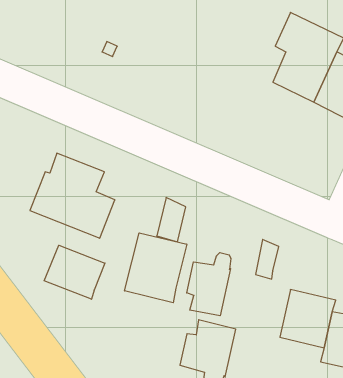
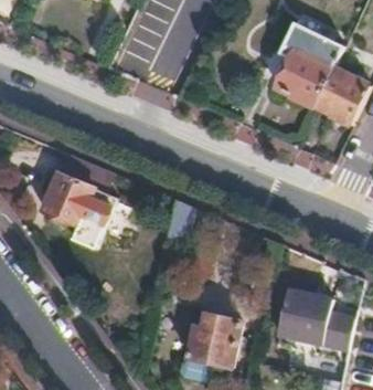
building: [125,233,187,303] -> none
building: [44,245,105,299] -> none
building: [187,253,231,316] -> none

